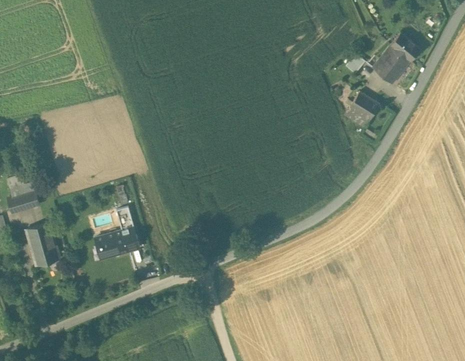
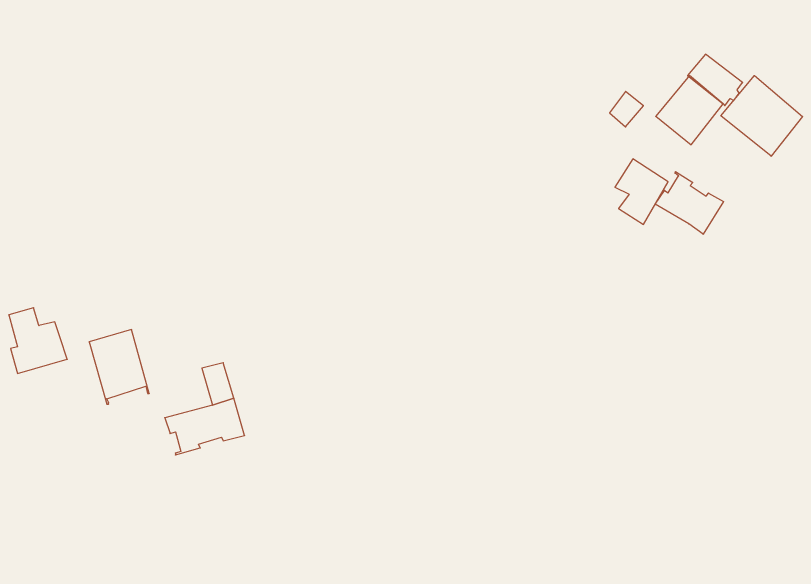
building: none -> [721,76,803,156]
building: none -> [655,172,724,234]
building: [26,224,60,266] -> [89,330,149,404]

